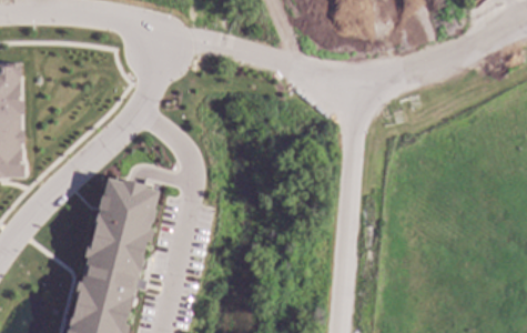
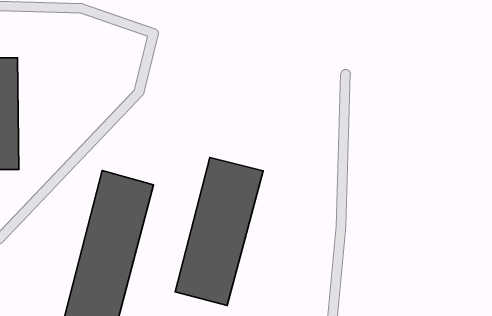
building: none -> [175,157,263,305]

